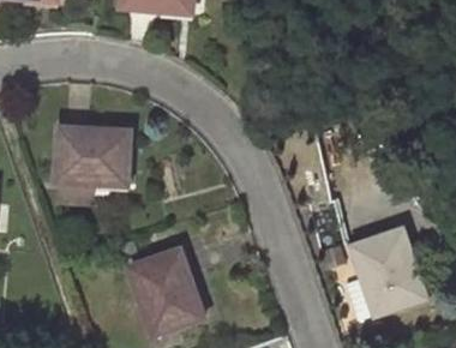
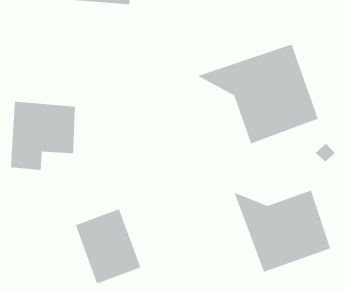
building: none -> [196,44,319,145]

